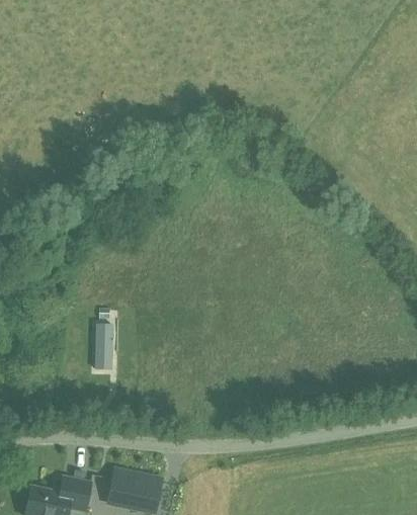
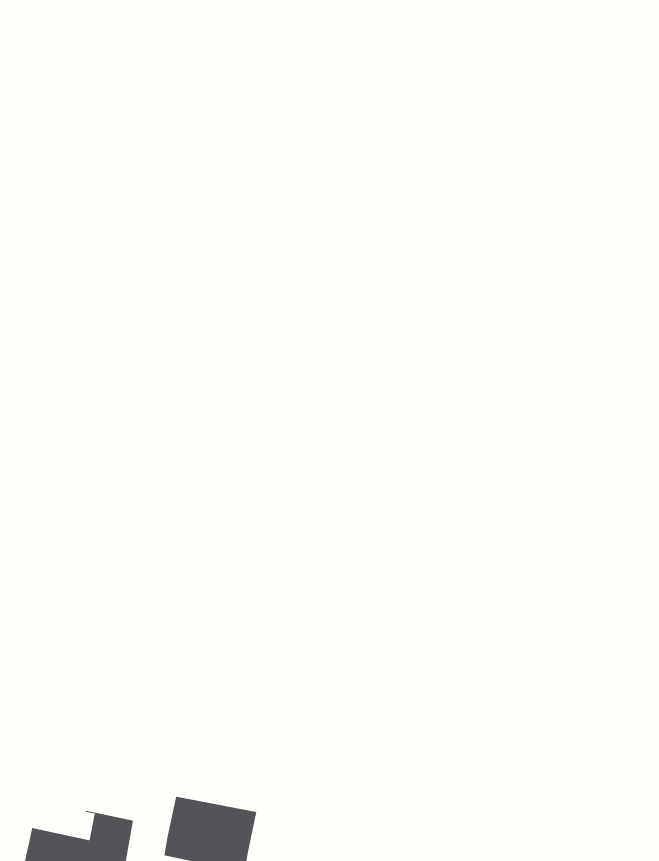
building: [95,324,112,369] -> none

